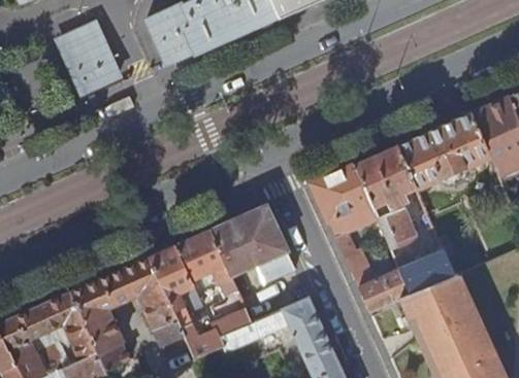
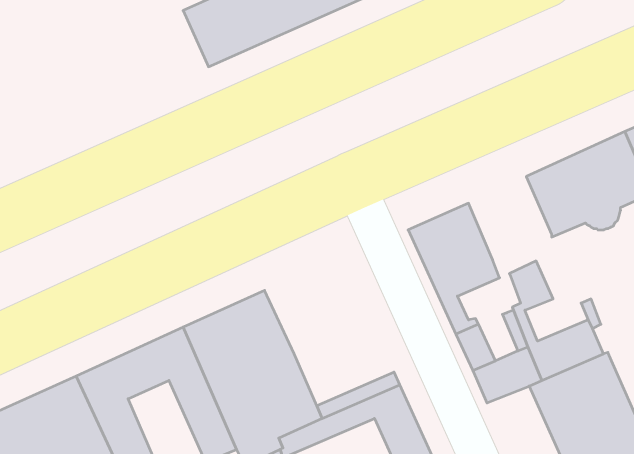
building: [58,24,119,96] -> none
building: [357,145,418,208] -> none
building: [207,203,293,284] -> none

